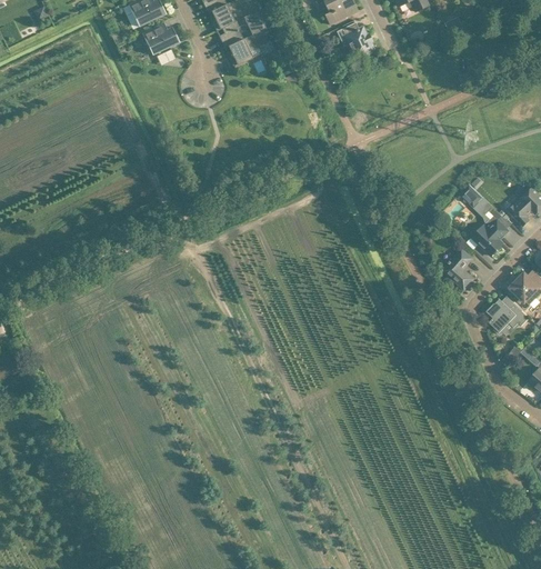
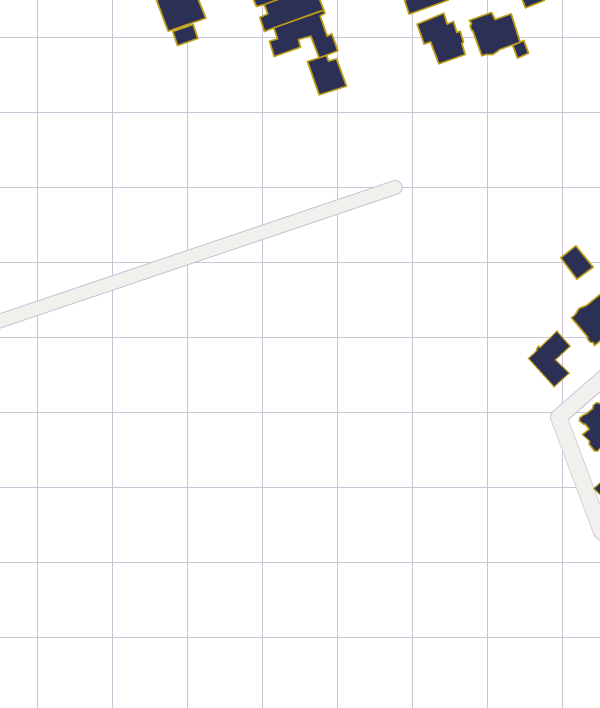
building: none -> [469,13,520,56]
building: none -> [307,56,346,95]

